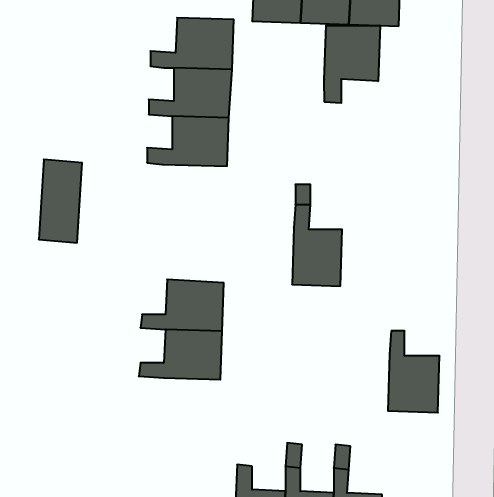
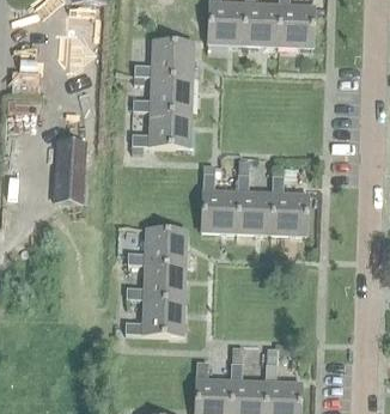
building: [324,25,380,103] -> none
building: none -> [201,173,237,232]
building: [388,331,440,413] -> [270,176,307,235]
building: none -> [124,299,184,335]

